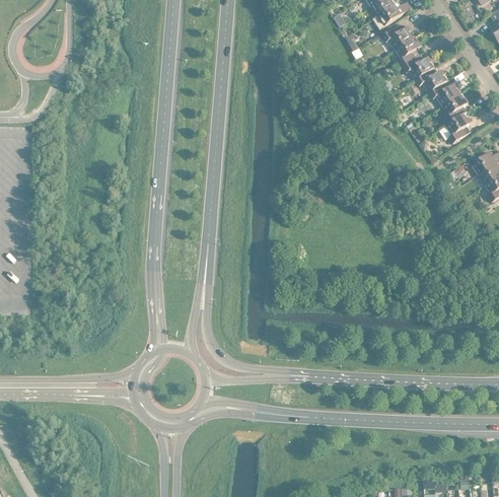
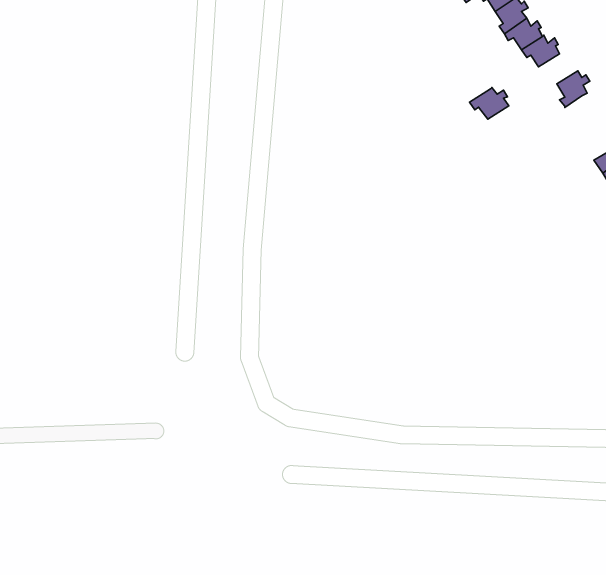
building: [431,79,461,103] -> [469,88,509,119]
building: [448,113,474,141] -> none

